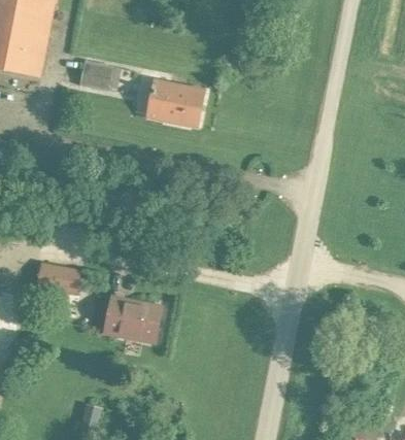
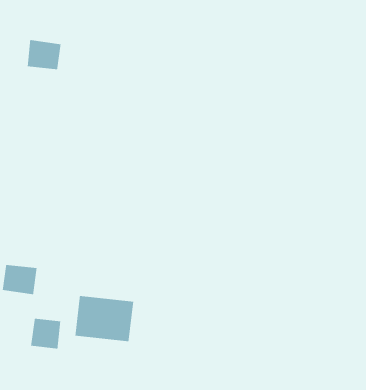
building: [146,79,203,127] -> none
building: none -> [30,318,61,349]

